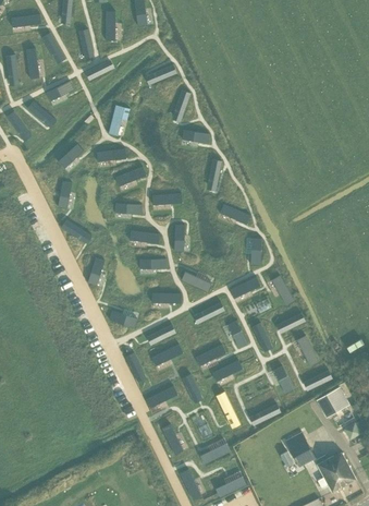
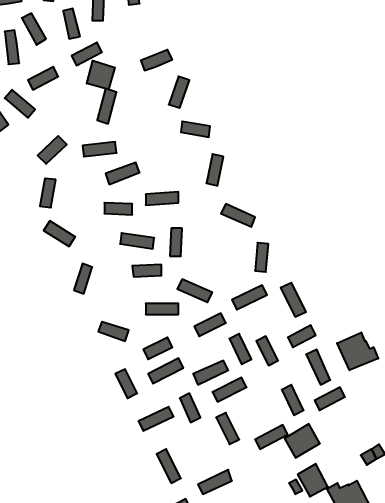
building: none -> [87,61,115,89]
building: none -> [337,332,378,370]
building: [317,387,348,418] -> [285,424,320,458]

